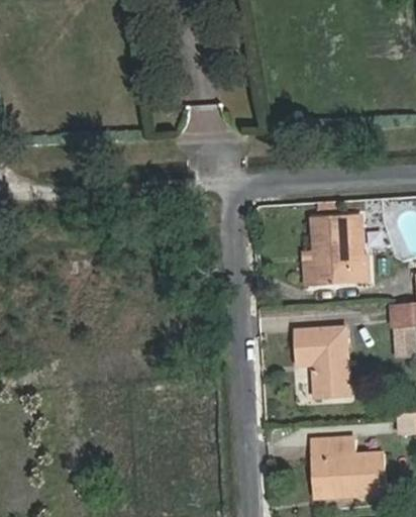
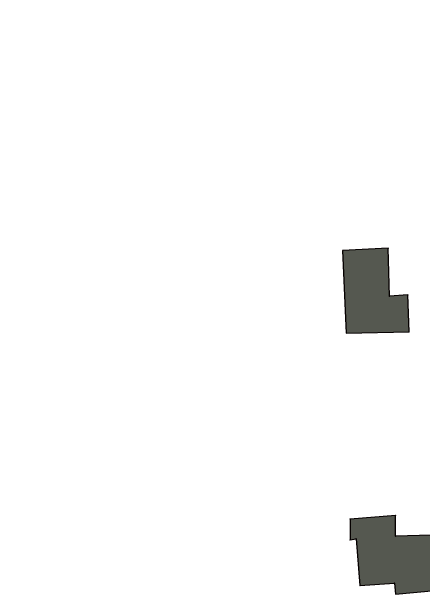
building: [293,325,348,400] -> none

